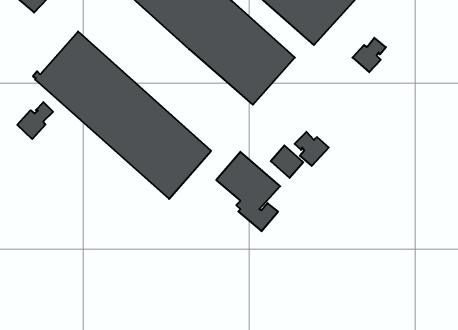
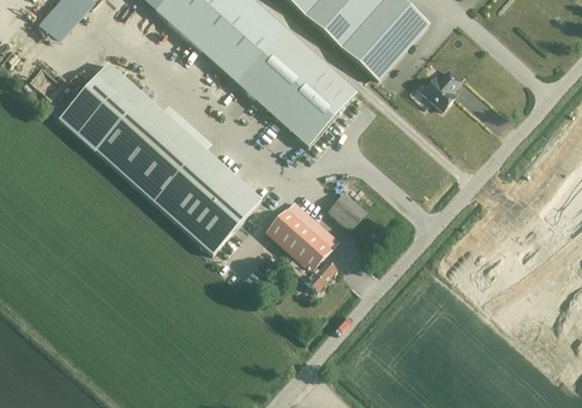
building: [17,102,53,139] -> none
building: [295,132,329,166] -> none

